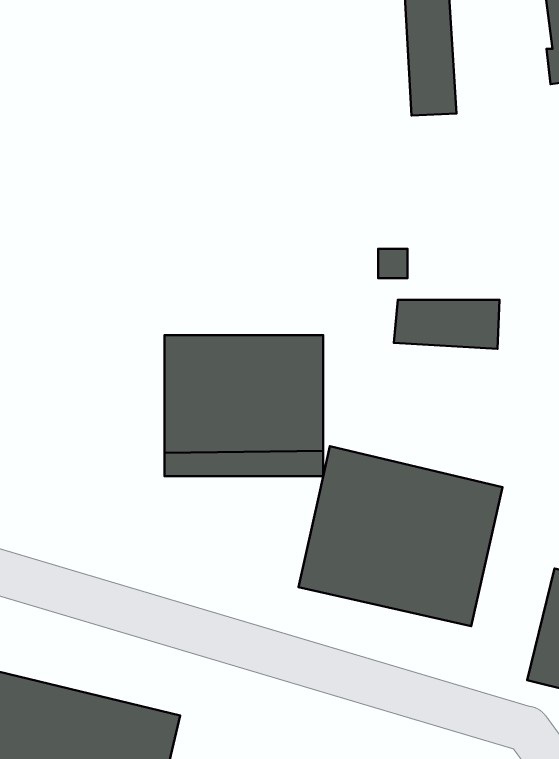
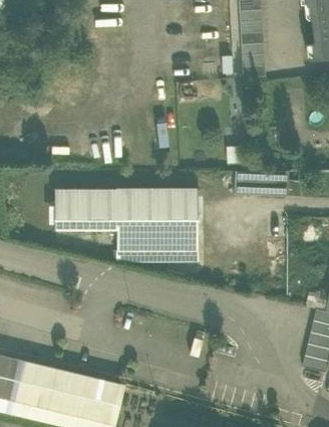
building: none -> [55,189,115,229]
building: [298,446,502,626] -> none

